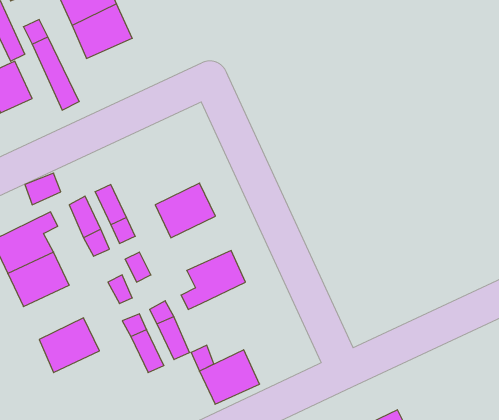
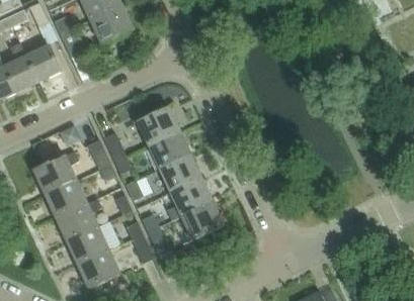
building: none -> [137,107,179,145]
building: none -> [159,154,201,192]
building: none -> [55,198,101,240]
building: [199,350,260,404] -> [180,200,223,238]
building: none -> [76,248,119,287]

